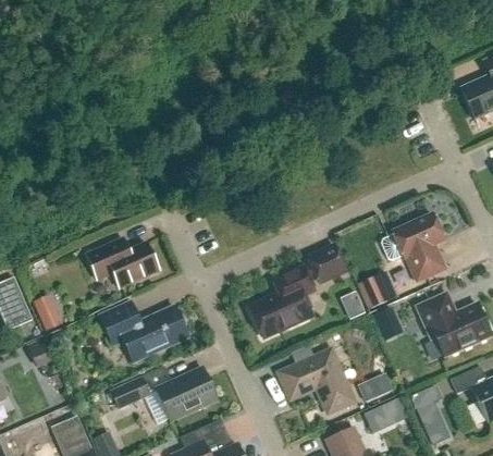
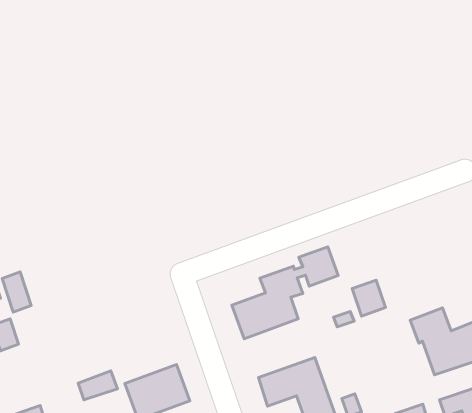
building: [381,214,445,281] -> none
building: [86,238,159,287] -> none
building: [99,301,189,362] -> none

